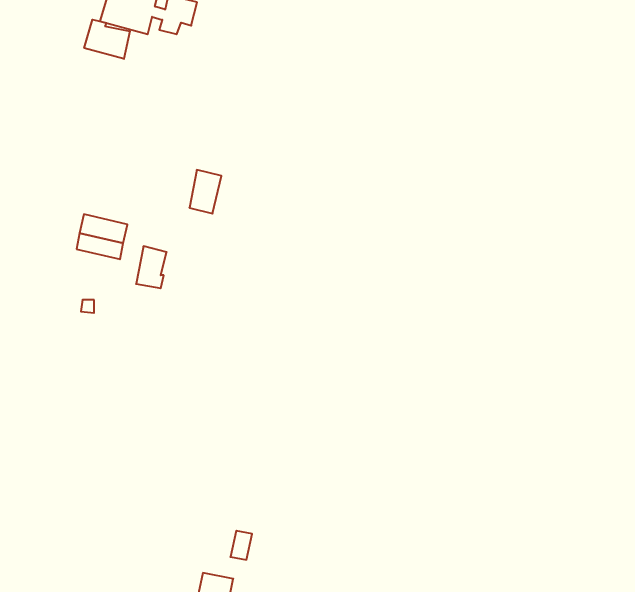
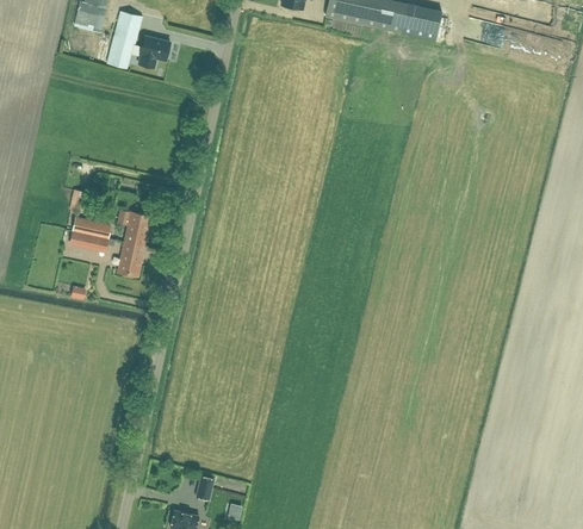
building: [84,20,130,59] -> none
building: [189,170,221,214] -> [125,211,151,247]

